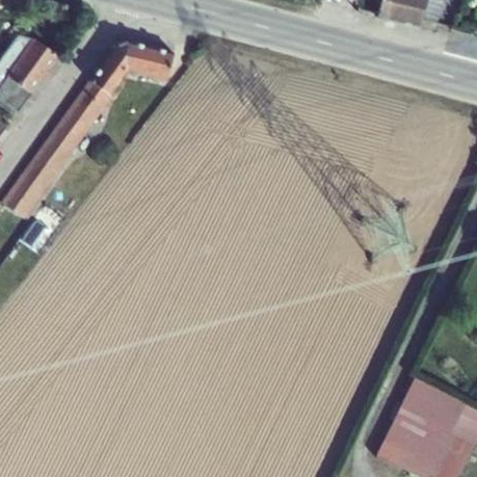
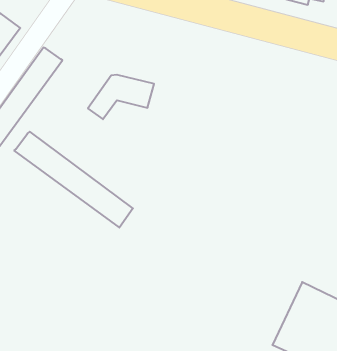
building: [90,41,174,97] -> [88,75,154,119]
building: none -> [14,132,133,228]

